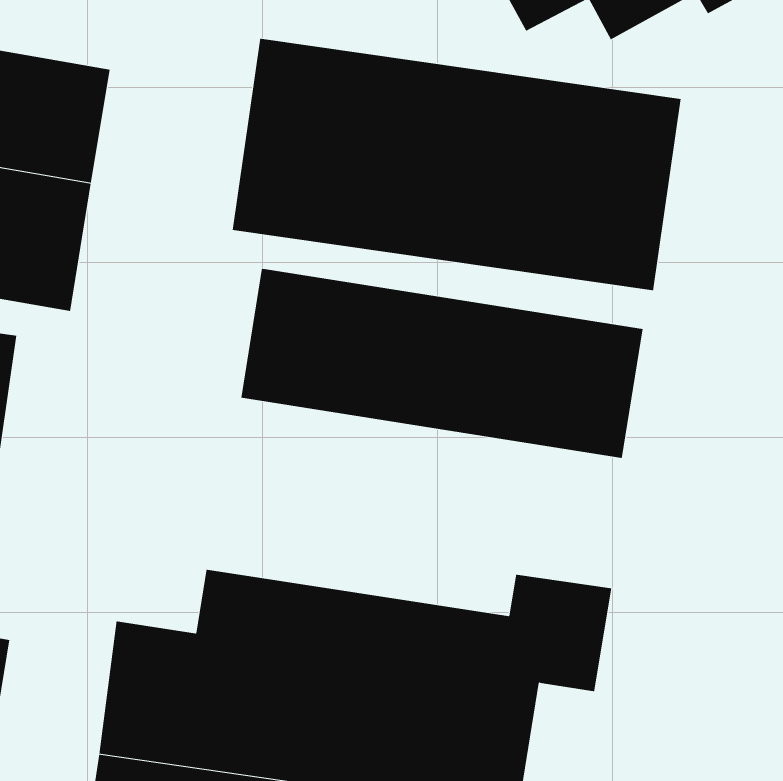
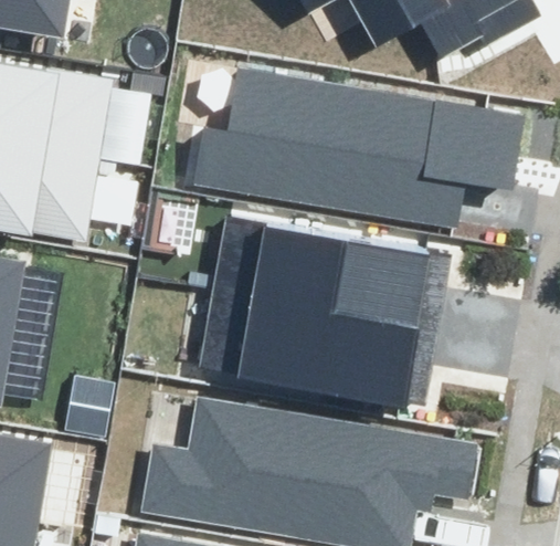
building: none -> [189,295,444,406]

